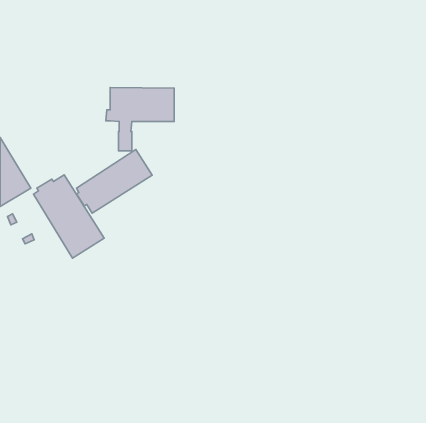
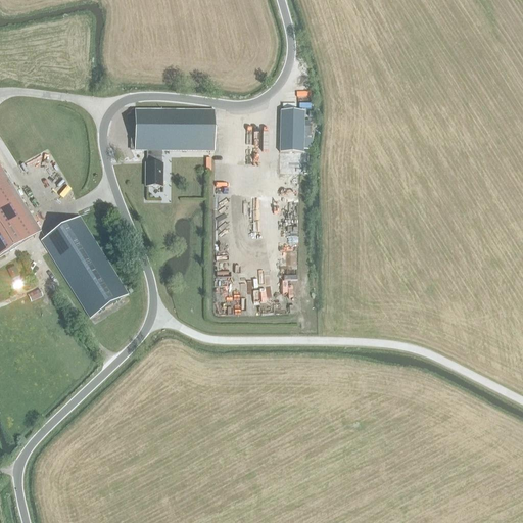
building: none -> [279,108,304,150]
building: [76,150,152,213] -> none

